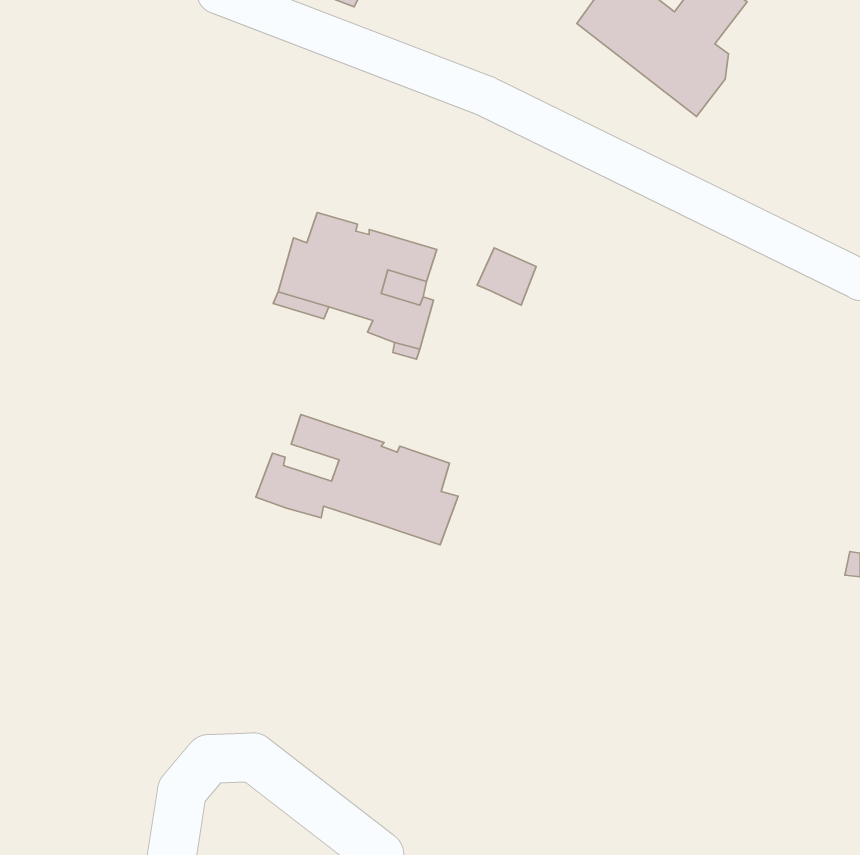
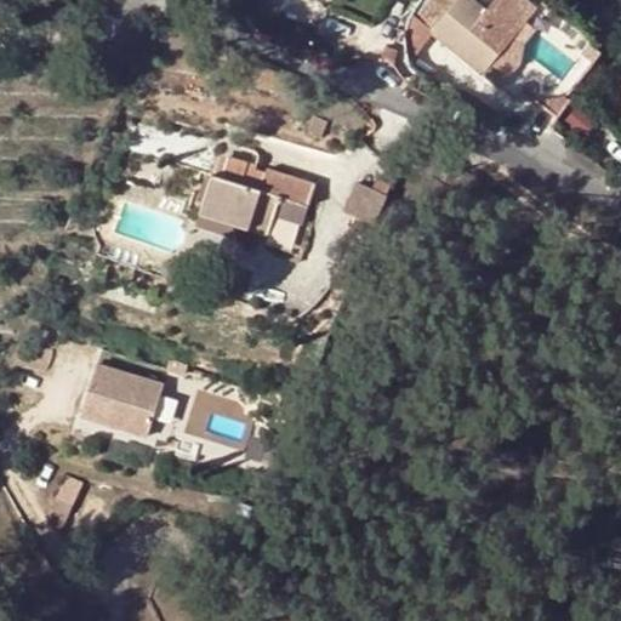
building: [256,415,458,545] -> none
building: none -> [79,365,161,437]

